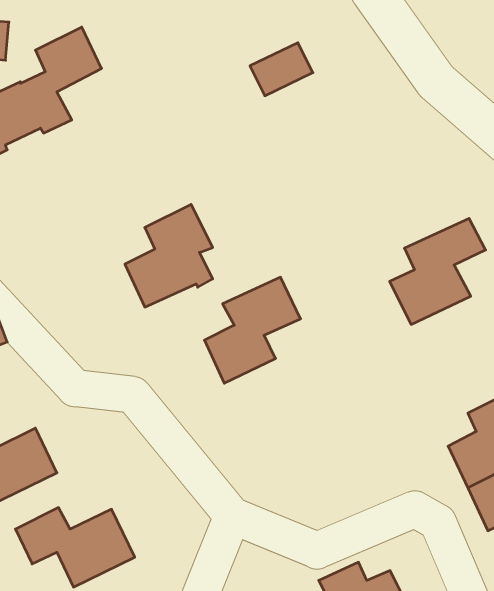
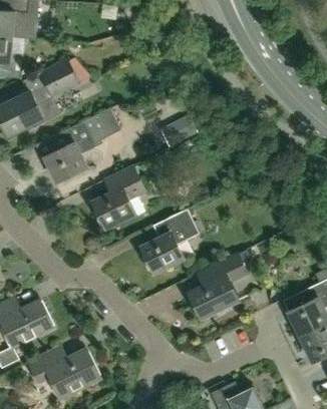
building: [250,43,313,96] -> [159,114,198,146]
building: none -> [43,108,120,182]
building: [390,218,486,324] -> [189,255,247,319]

